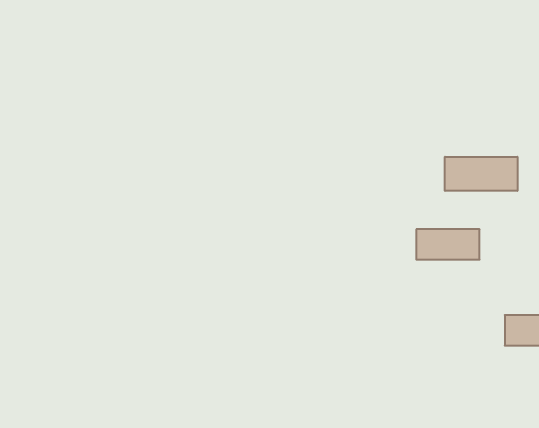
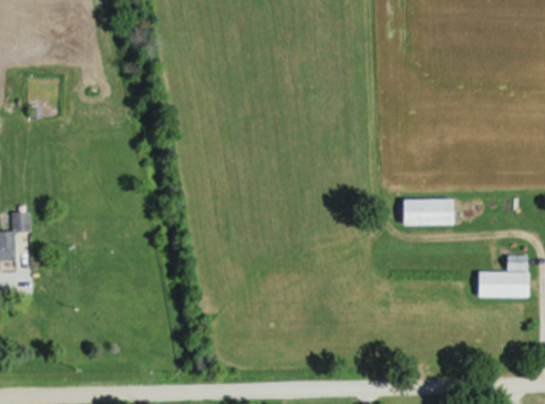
building: [445,157,517,191] -> none

